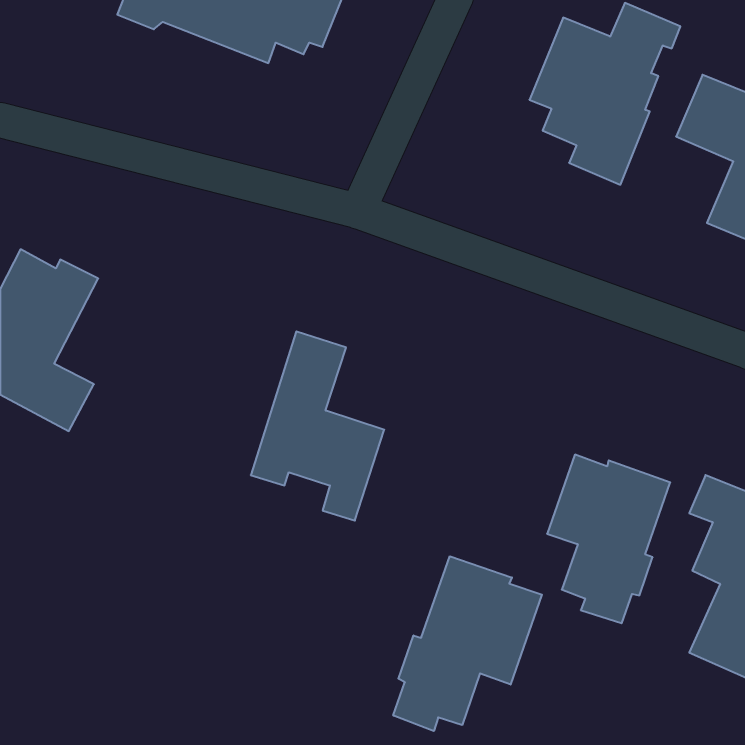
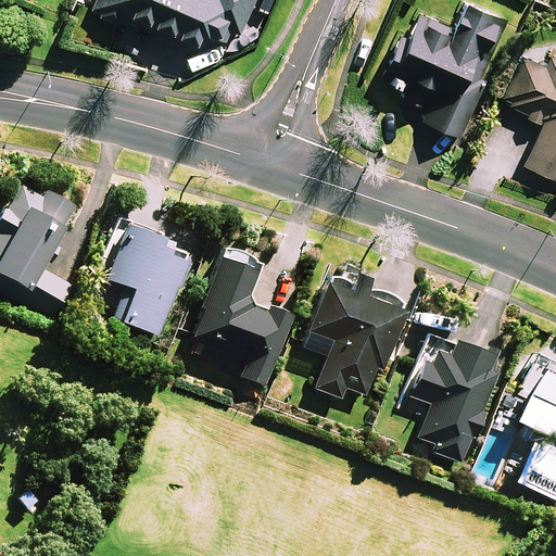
building: none -> [109,223,190,337]
building: none -> [311,276,402,397]
building: [393,556,542,731] -> none

